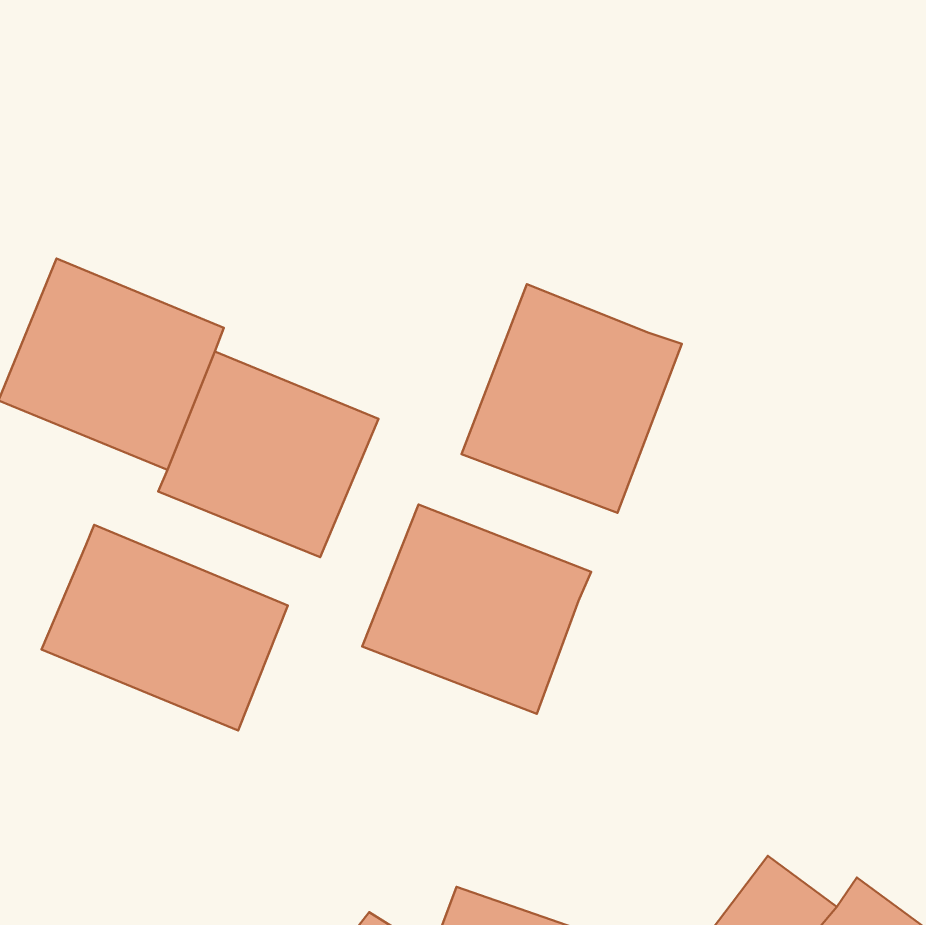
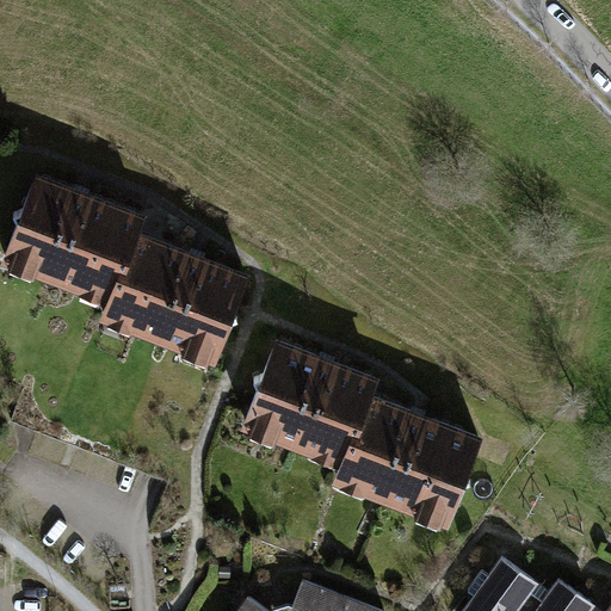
building: [461,284,682,513] -> none
building: [42,525,288,730] -> none
building: none -> [345,397,480,527]

